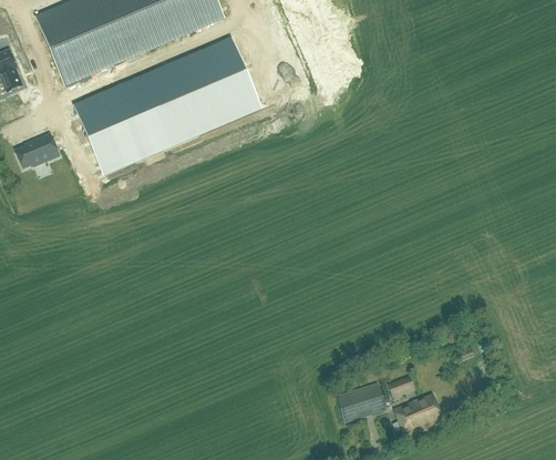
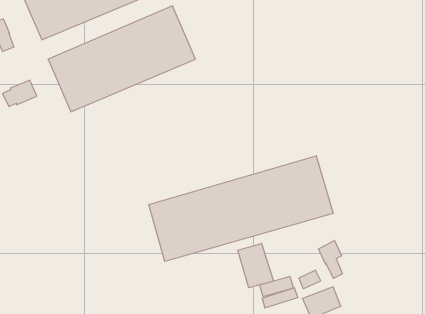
building: none -> [149,156,333,261]
building: none -> [319,240,342,278]
building: none -> [238,243,274,288]

